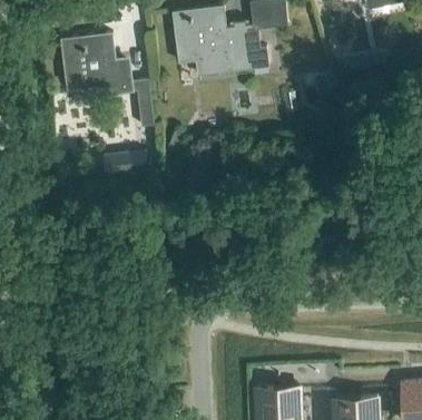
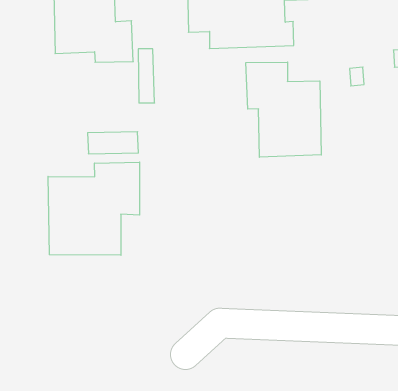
building: none -> [246,62,321,157]
building: none -> [48,162,140,255]

